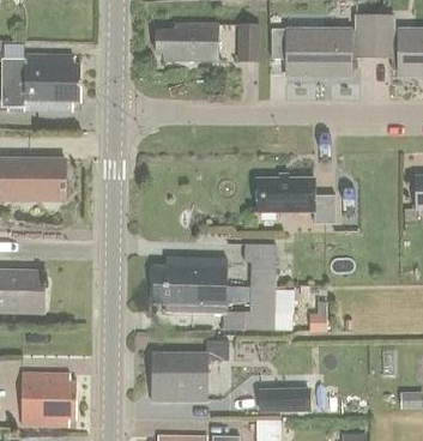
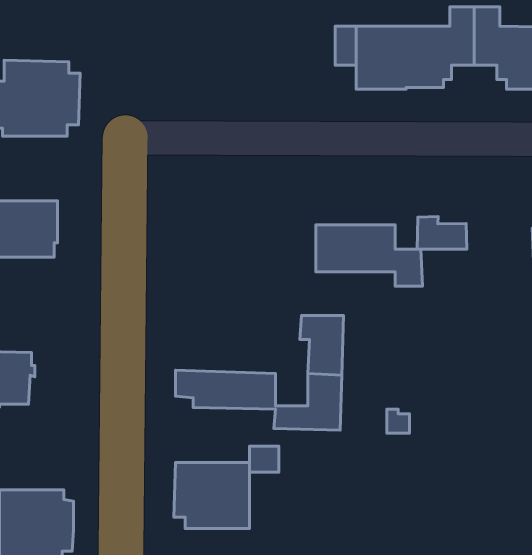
building: [236,22,259,60] -> none
building: [155,23,217,59] -> none
building: none -> [417,217,467,249]
building: [151,256,226,285] -> none
building: [259,392,307,413] -> none

